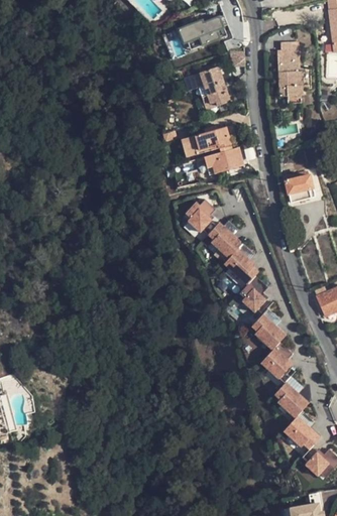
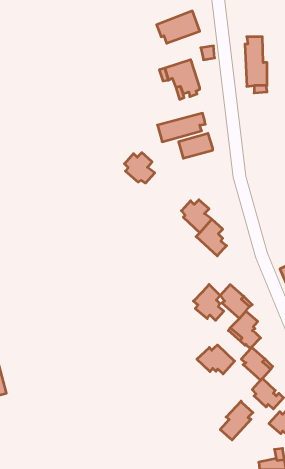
building: [285,173,315,203] -> none
building: [185,199,218,232] -> [124,153,155,183]
building: [237,273,270,312] -> [193,284,224,320]
building: none -> [197,345,235,374]
building: none -> [220,401,253,440]

